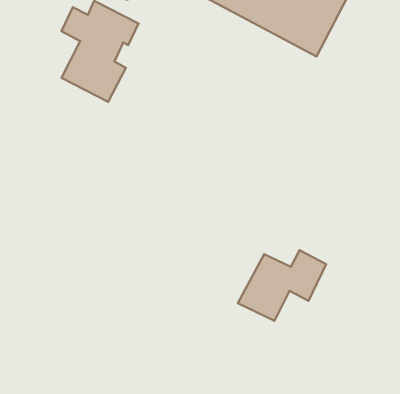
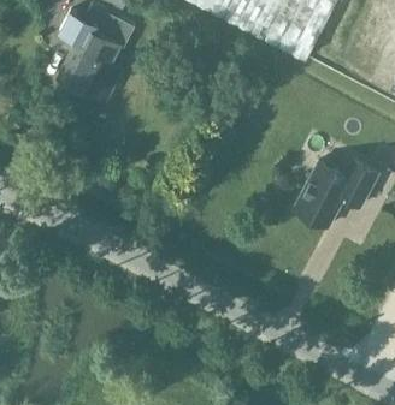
building: [238,250,326,321] -> [293,157,377,225]

